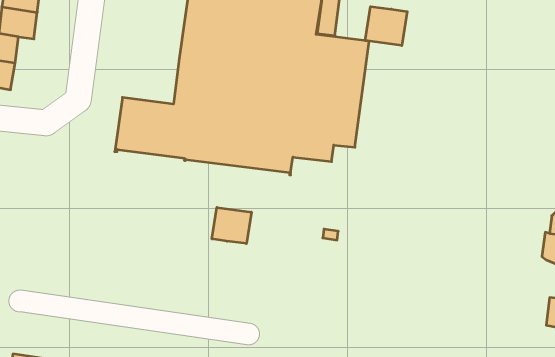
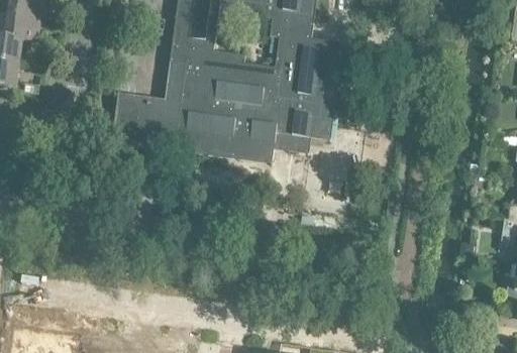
building: [365,7,407,46] -> none
building: [212,207,251,244] -> none

